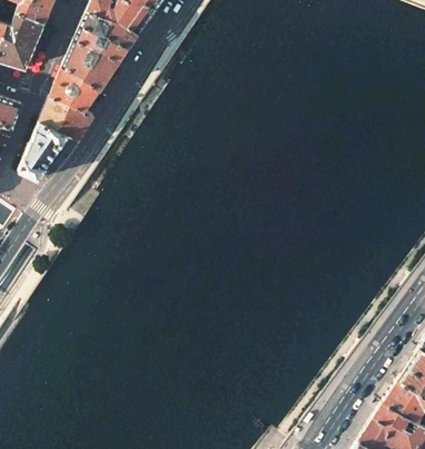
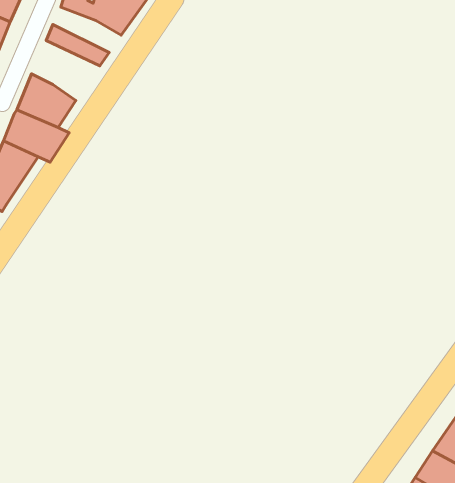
building: [79,12,136,50] -> none
building: [61,40,118,90] -> none

